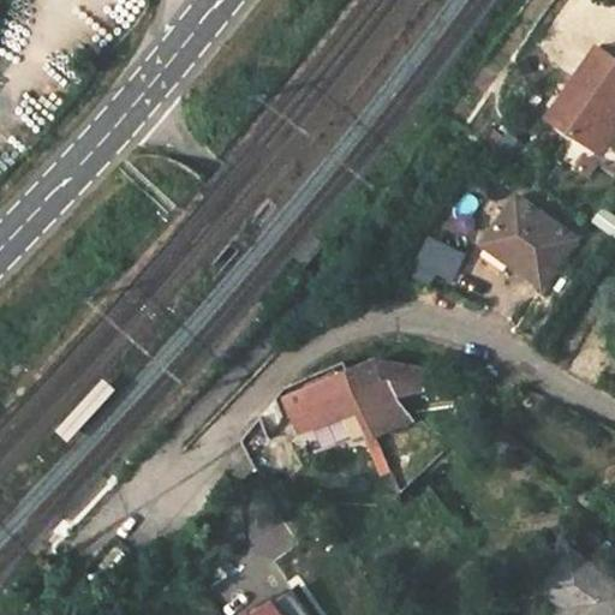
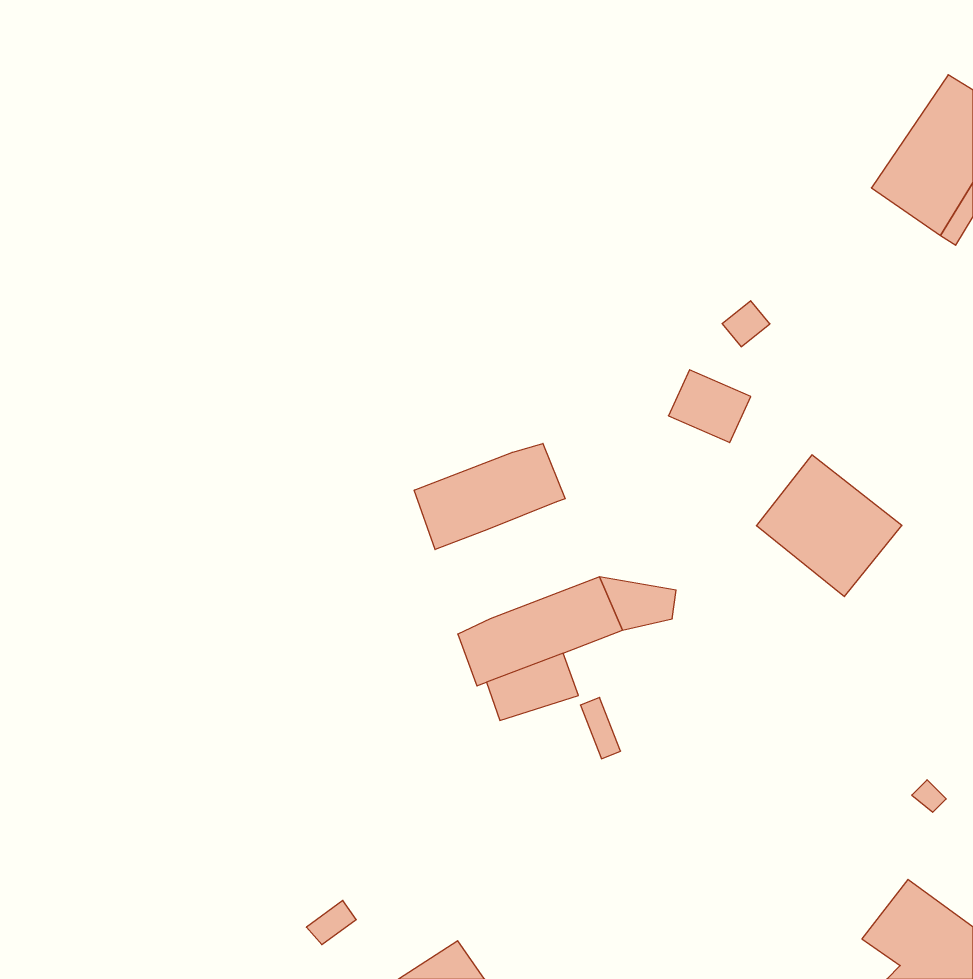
building: [482,197,573,286] -> [756,455,902,597]
building: none -> [414,443,565,550]
building: [353,395,407,438] -> none

